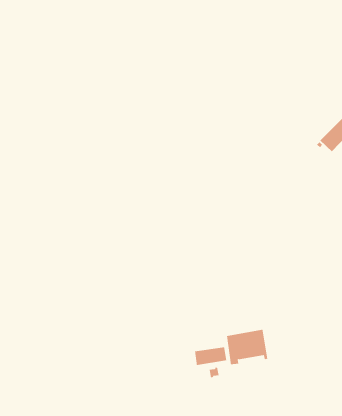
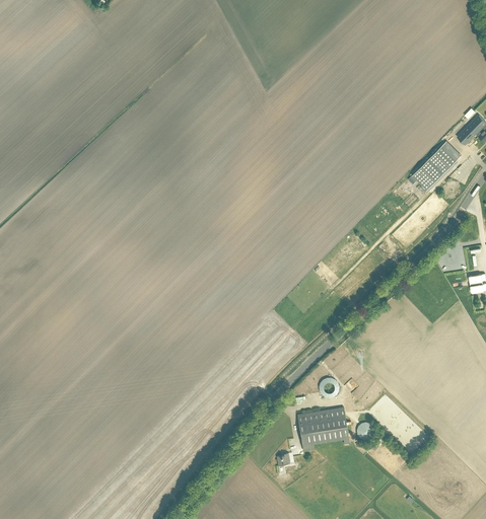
building: [194,346,227,366] -> none

